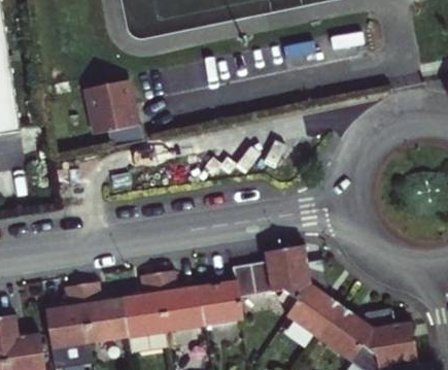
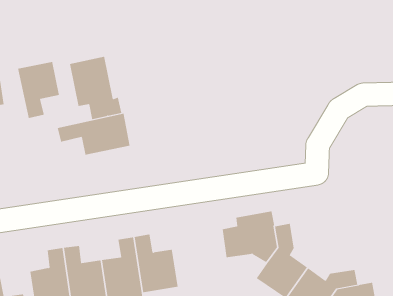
building: none -> [17,61,60,119]
building: none -> [57,113,130,156]
building: [198,264,254,326] -> none

